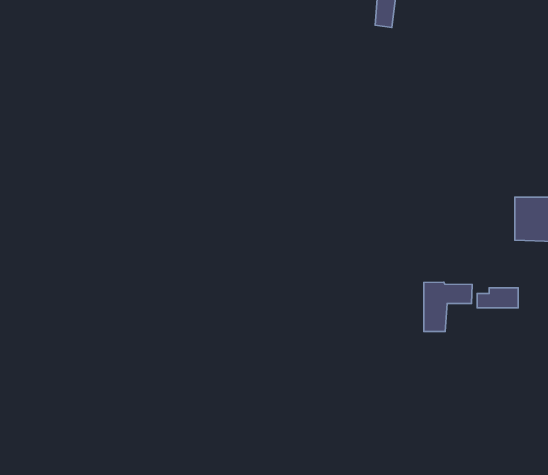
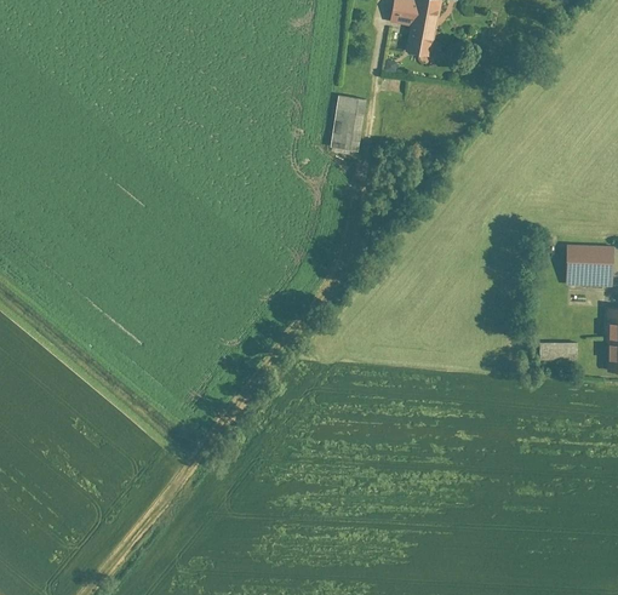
building: none -> [333,97,366,148]
building: [424,282,472,332] -> none

